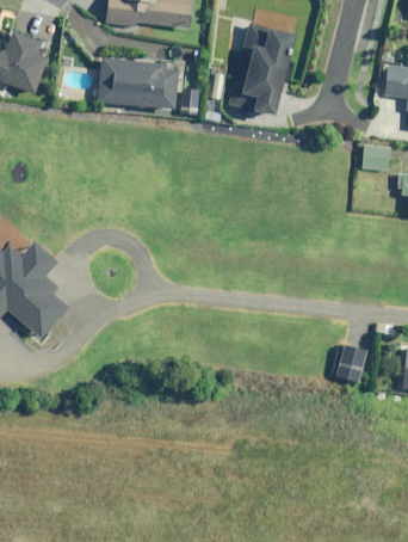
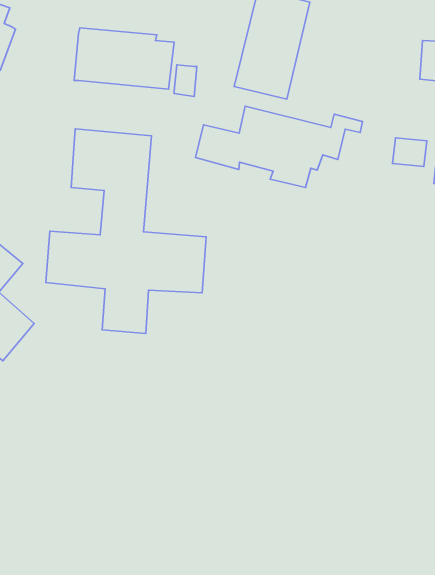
building: none -> [195,106,362,188]
building: none -> [46,129,206,334]
building: [335,345,366,383] -> none

